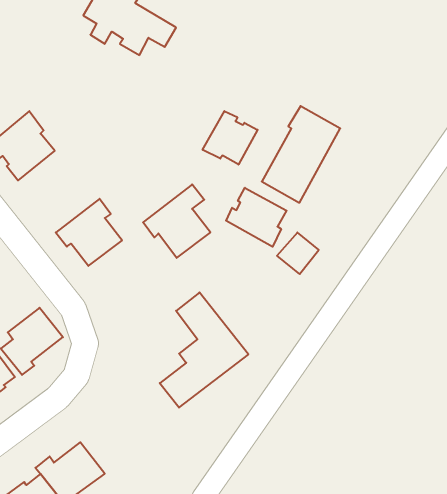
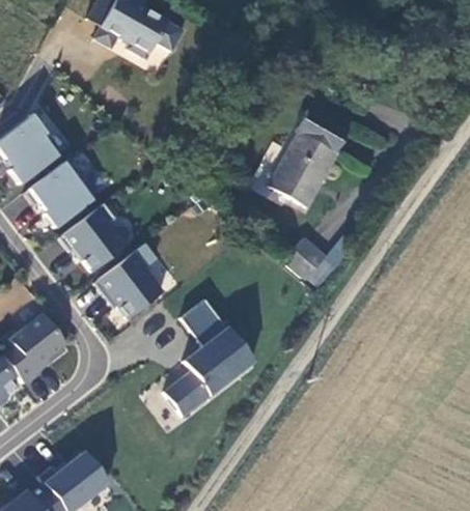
building: [203,111,258,165] -> none
building: none -> [25,153,104,228]
building: [143,184,210,258] -> [94,244,163,318]
building: [226,188,287,247] -> none

